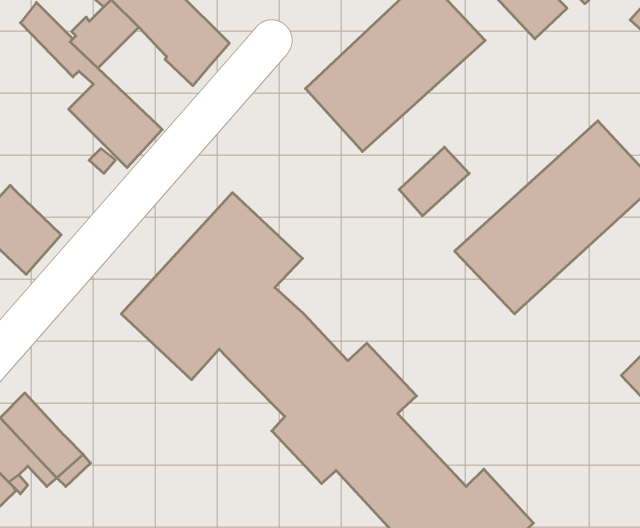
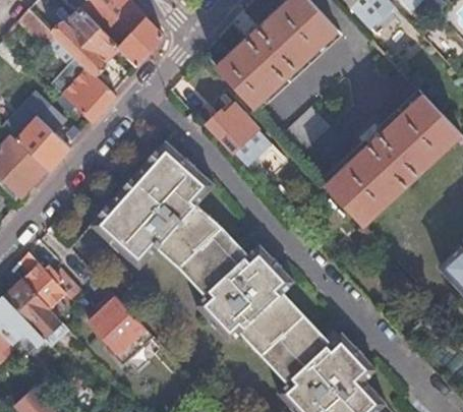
building: none -> [72,24,119,72]
building: none -> [208,104,275,169]
building: none -> [15,115,70,171]
building: none -> [19,251,80,308]
building: none -> [90,298,144,352]

